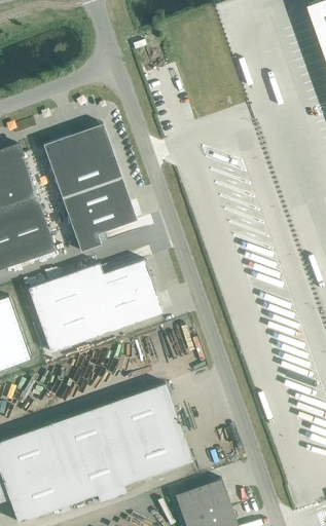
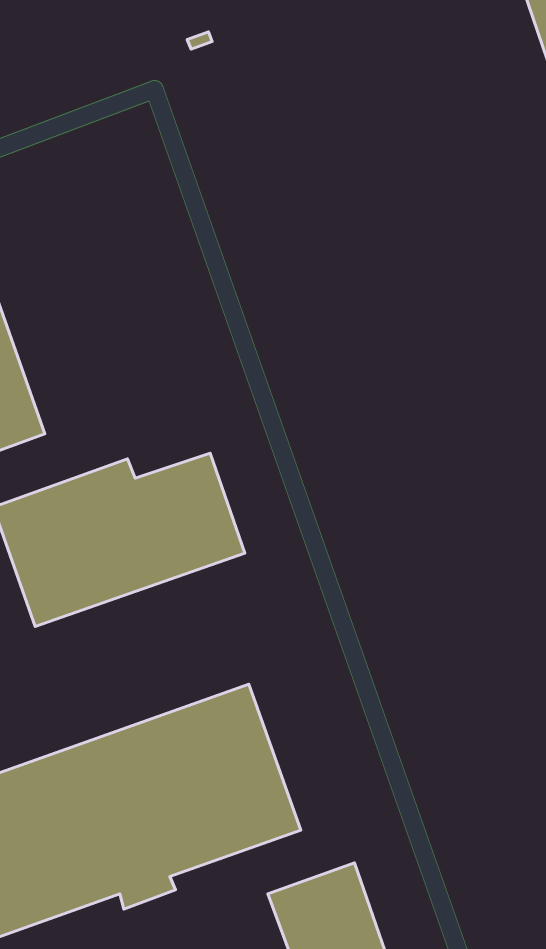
building: [43,123,137,252] -> none

